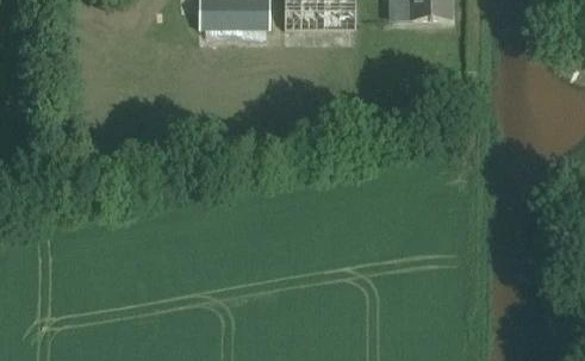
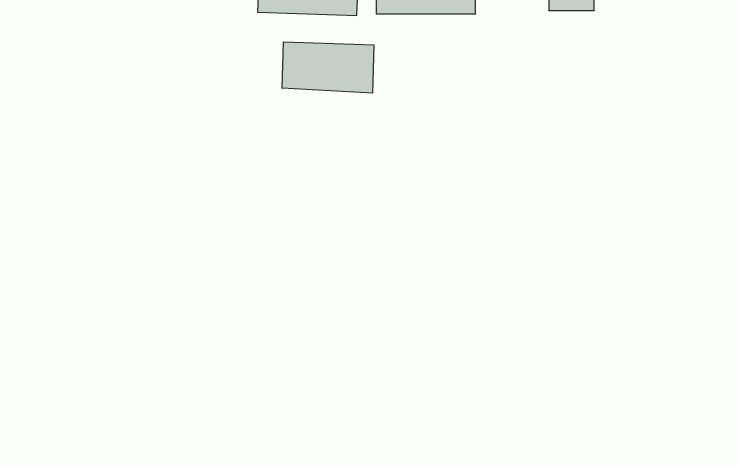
building: none -> [282,42,374,93]

